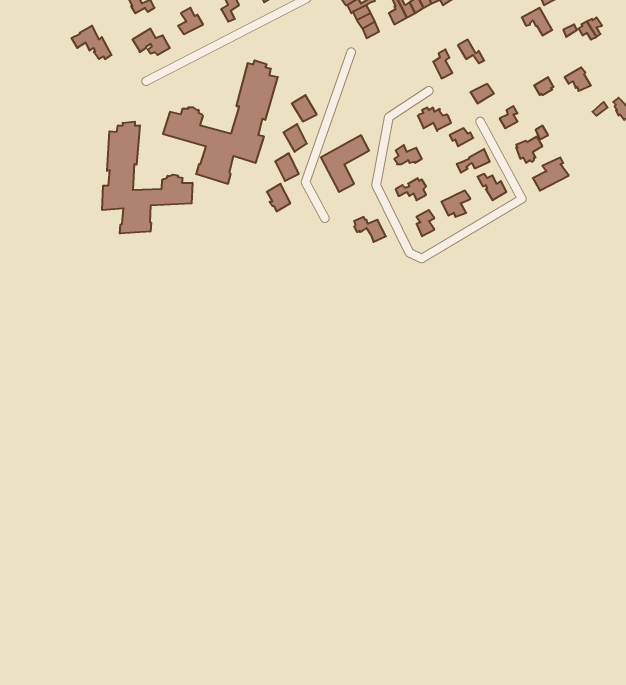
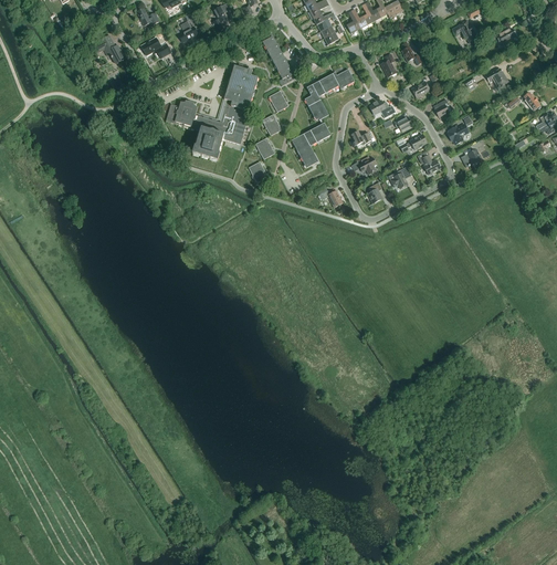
building: none -> [262,34,295,86]
building: none -> [305,66,355,121]
building: [102,122,192,234] -> none

